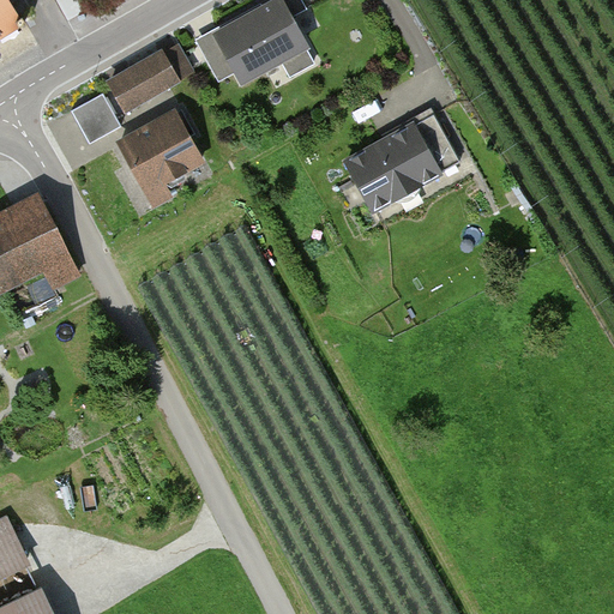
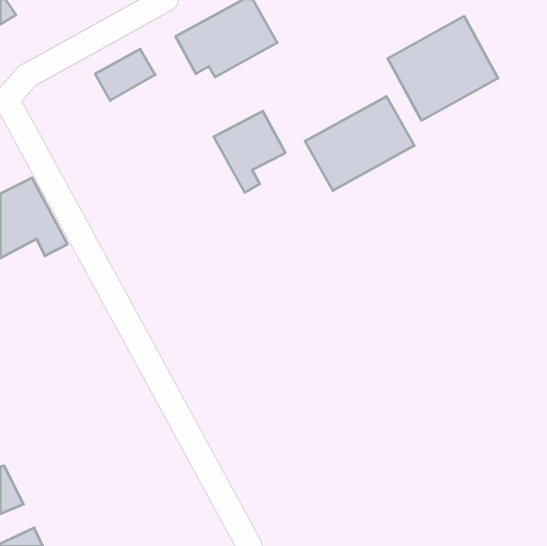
building: none -> [388,16,498,120]
building: [76,89,126,139] -> none
building: [121,118,201,209] -> [214,111,285,192]

